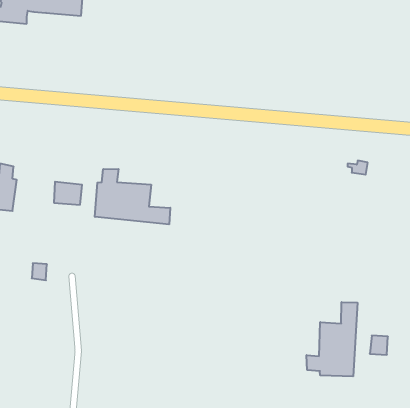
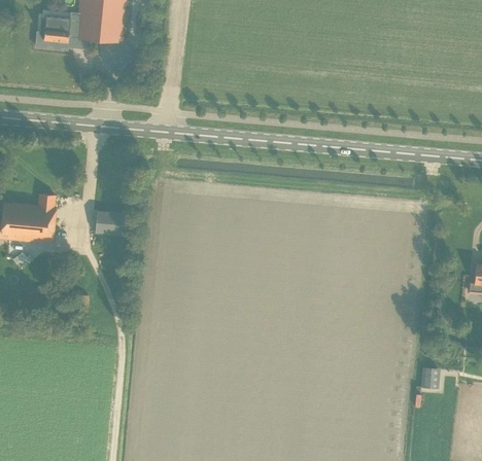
building: [95,169,170,224] -> none
building: [307,302,357,376] -> none

